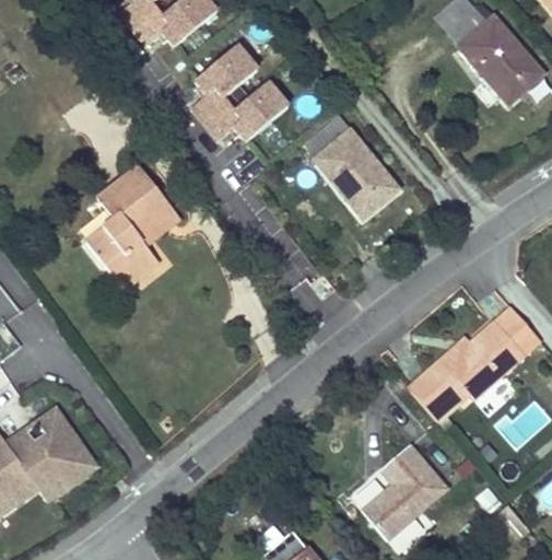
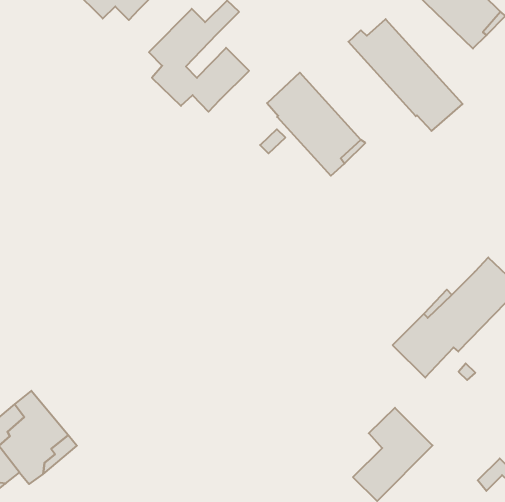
building: none -> [348,19,463,131]
building: [87,164,178,284] -> none

